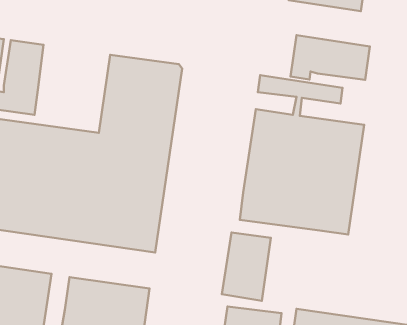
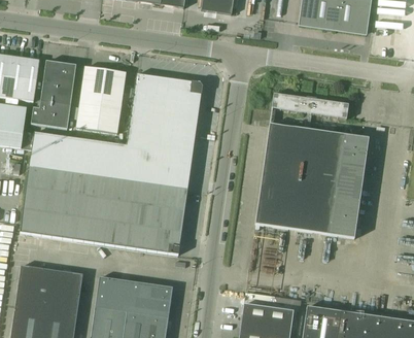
building: [291,35,370,80] -> none
building: none -> [76,65,127,133]
building: [222,233,271,301] -> none

